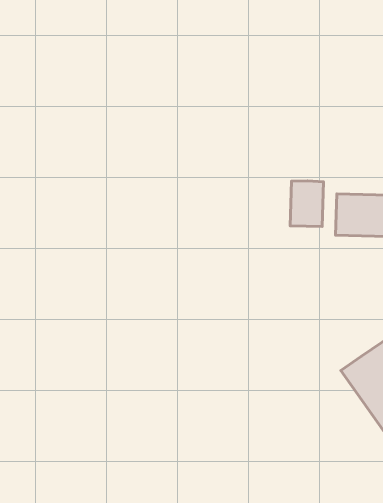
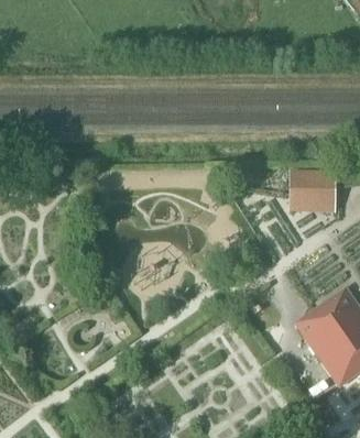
building: [290,181,323,226] -> none

